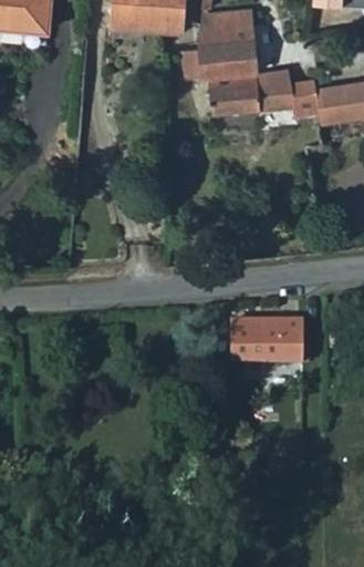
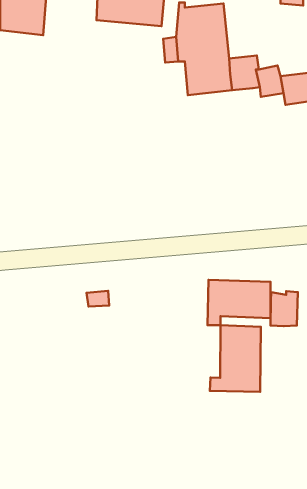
building: none -> [271,291,298,326]
building: none -> [210,325,261,392]

